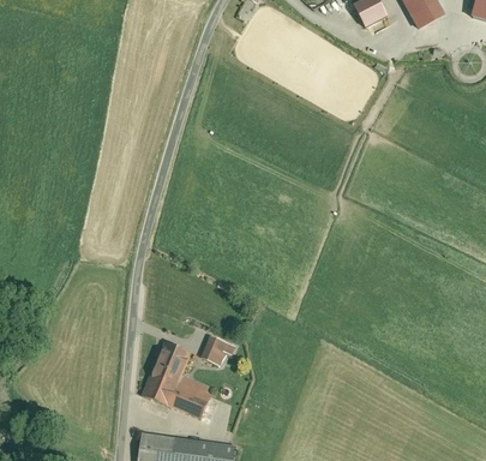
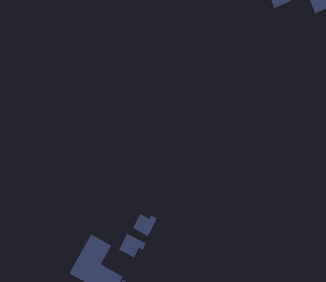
building: none -> [132,213,158,237]

